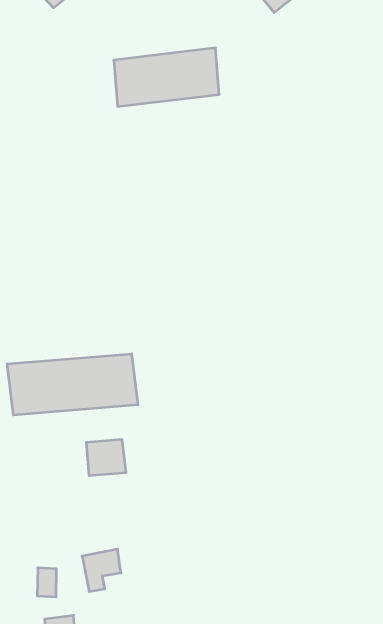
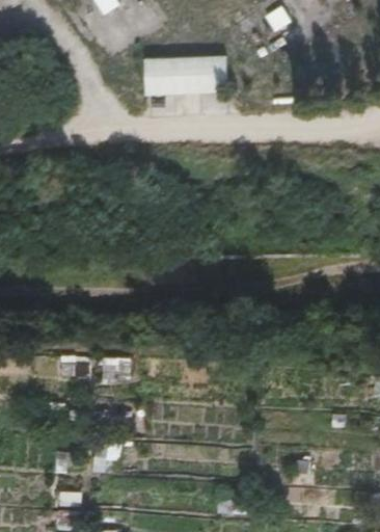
building: [7,354,138,415] -> none

